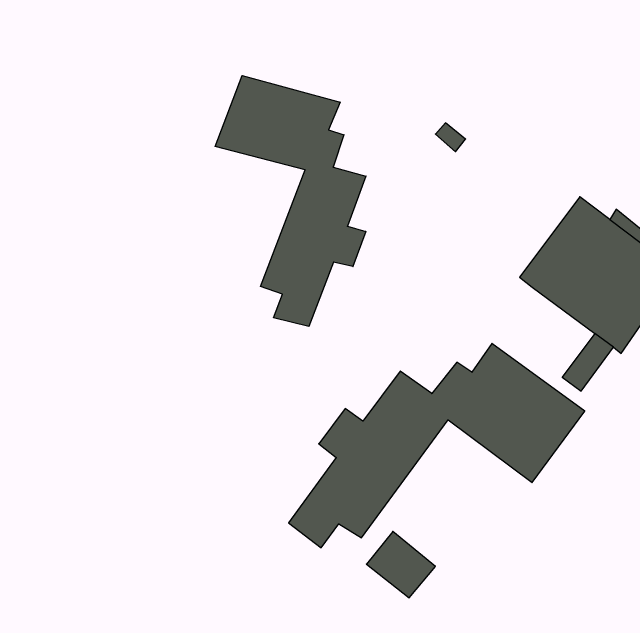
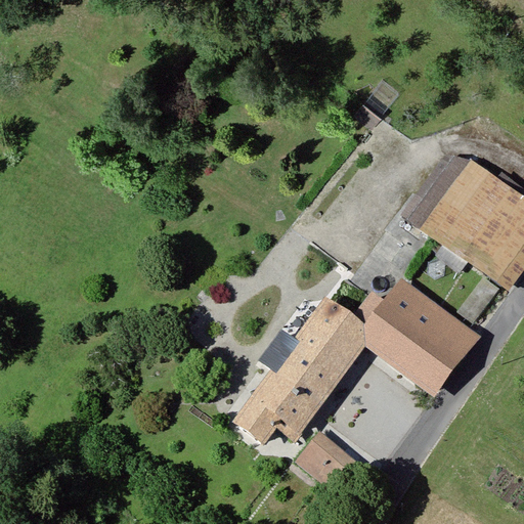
building: [215,76,366,326] -> none
building: none -> [405,156,474,226]

